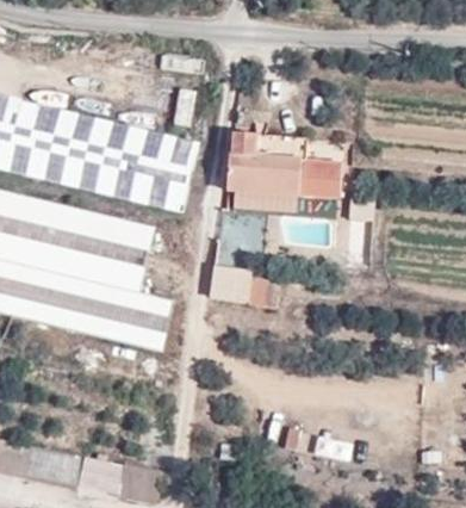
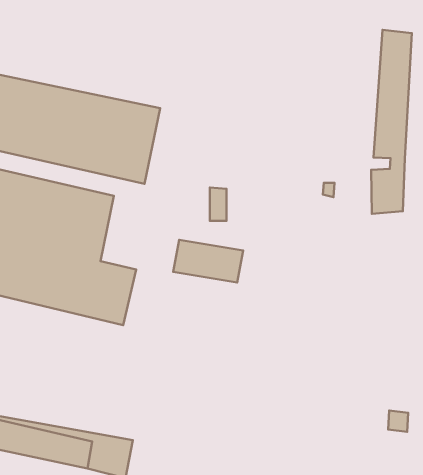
building: none -> [371,30,412,214]
building: [228,138,347,202] -> none

